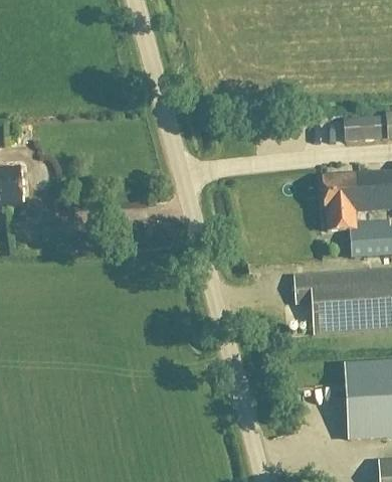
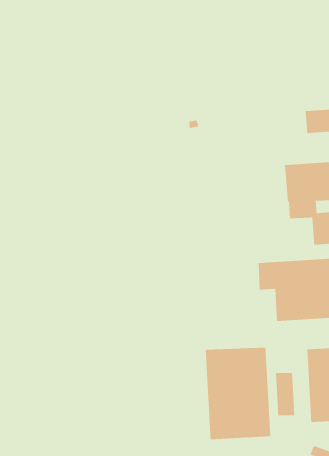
building: none -> [205,347,271,440]
building: none -> [275,372,295,416]

